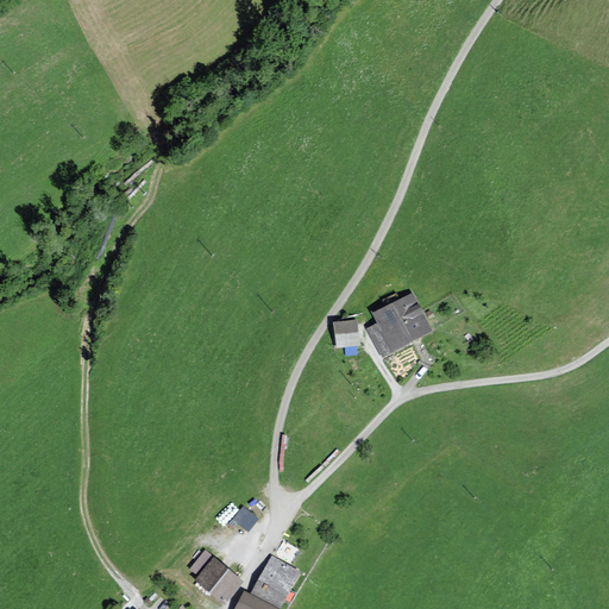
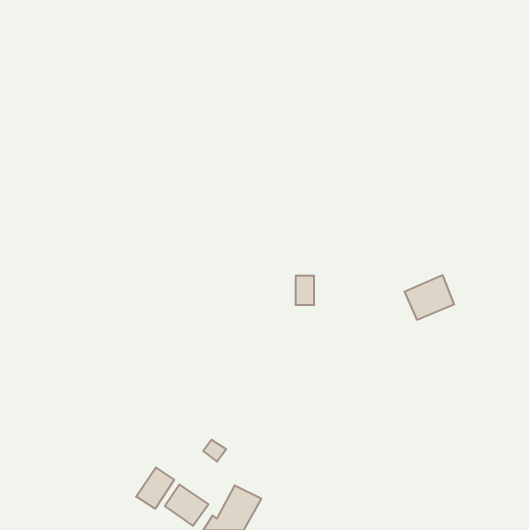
building: [372,299,429,350] -> [404,275,454,320]
building: none -> [136,467,174,509]

